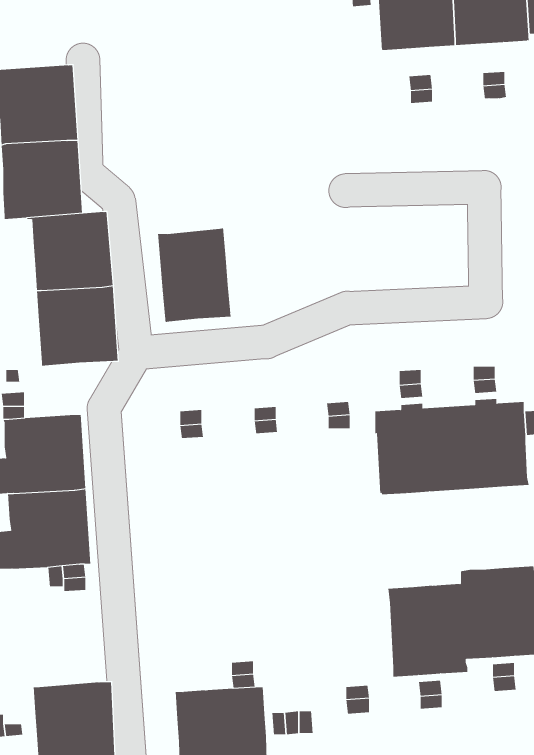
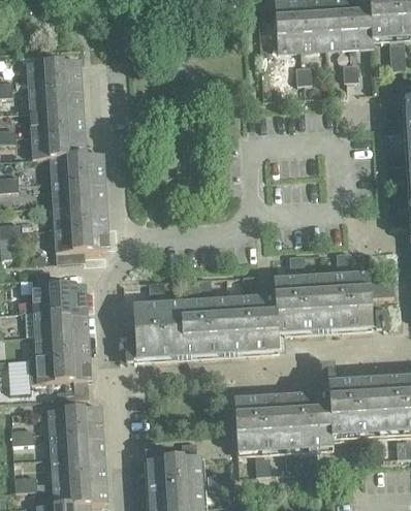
building: [157,228,231,323] -> none
building: none -> [132,295,278,360]
building: none -> [233,394,284,454]
building: none -> [51,406,104,457]

